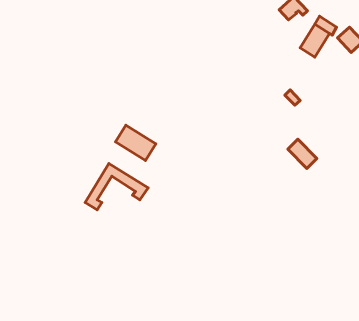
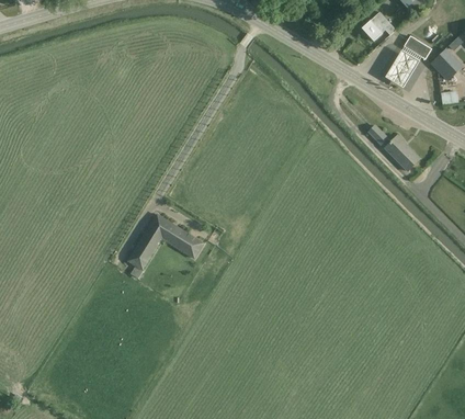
building: [116,125,156,161] -> none
building: [288,139,317,168] -> [385,136,420,171]

